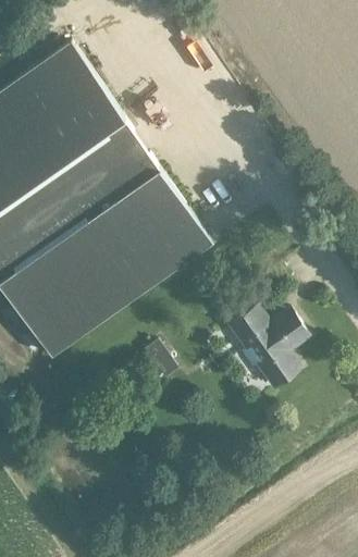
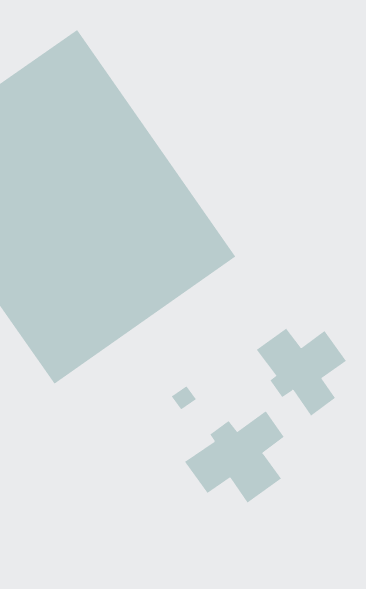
building: none -> [184,411,284,503]

